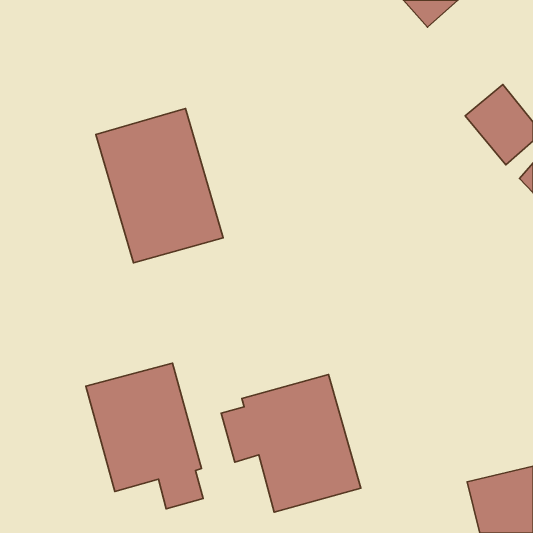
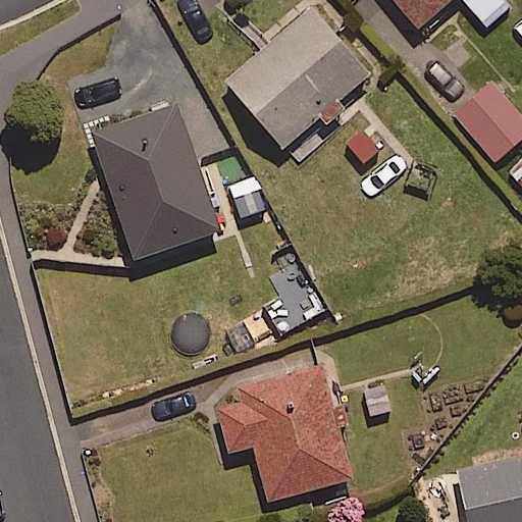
building: none -> [224,5,369,148]
building: [86,363,203,509] -> none

